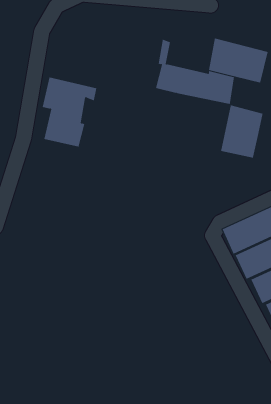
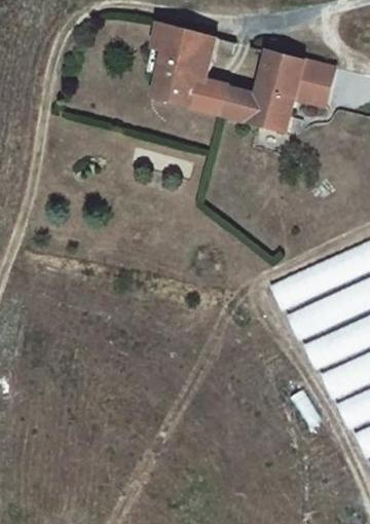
building: [42,77,97,147] -> [150,32,216,115]
building: [221,105,263,159] -> none

